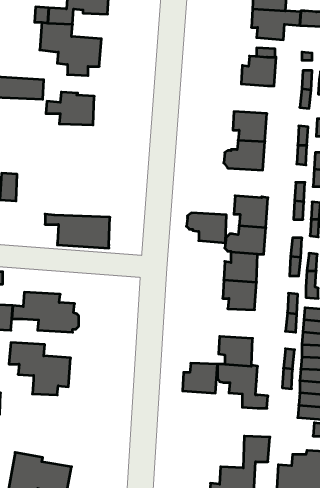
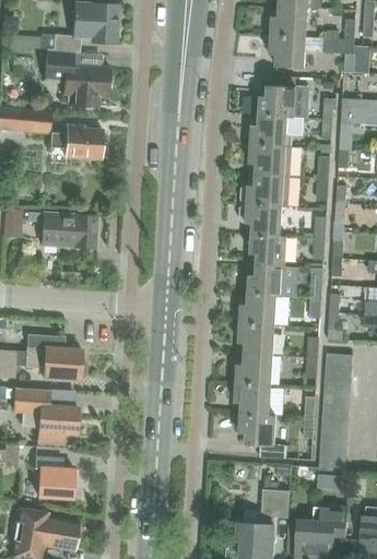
building: none -> [251,115,287,146]
building: [186,213,226,243] -> [239,204,282,236]
building: [45,214,110,248] -> [27,212,96,248]
building: [183,363,218,393] -> [236,354,273,385]
building: none -> [36,457,74,498]

